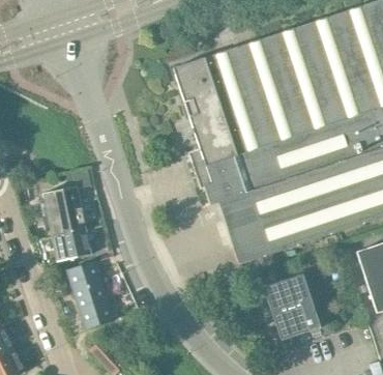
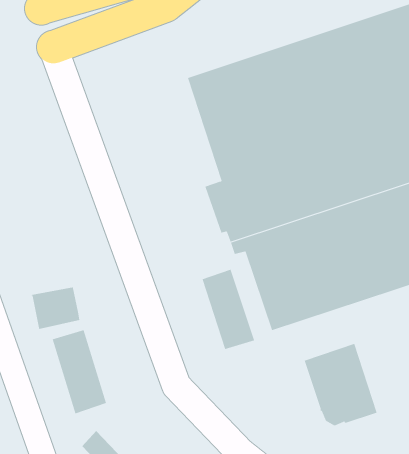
building: [45,188,86,236] -> none
building: none -> [202,269,255,350]

